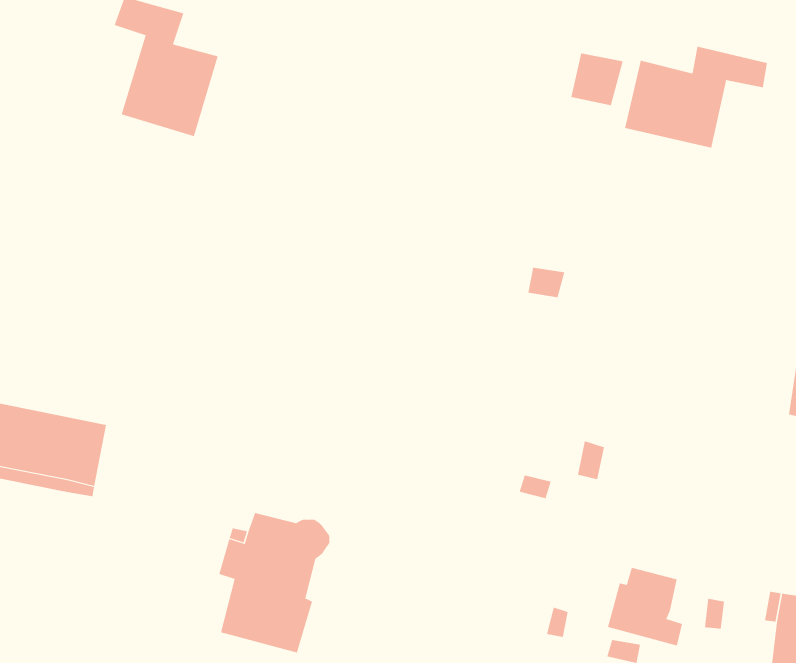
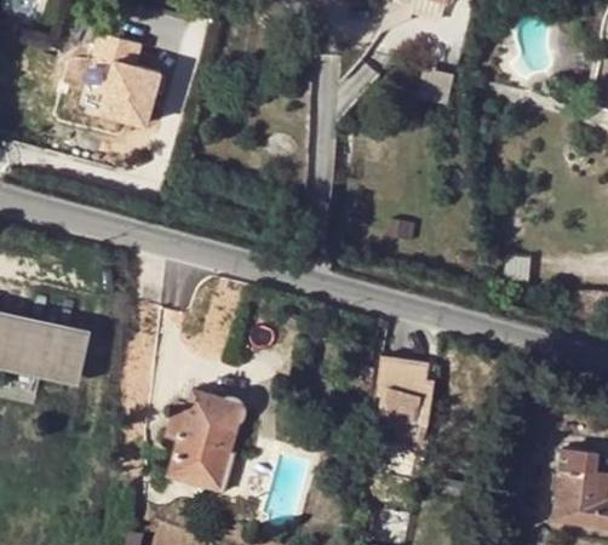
building: [624,46,767,148] -> none
building: [607,567,683,646] -> [372,389,425,444]

